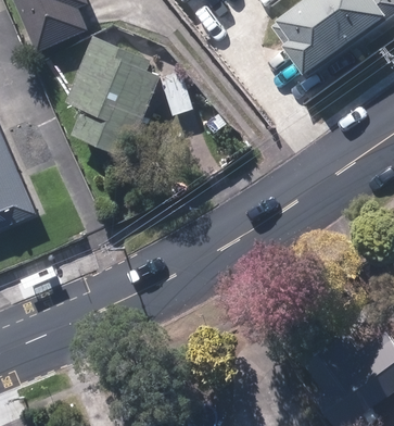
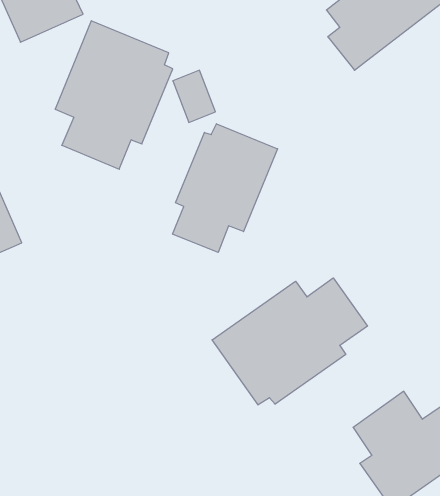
building: none -> [172,124,278,252]
building: none -> [212,278,368,405]

